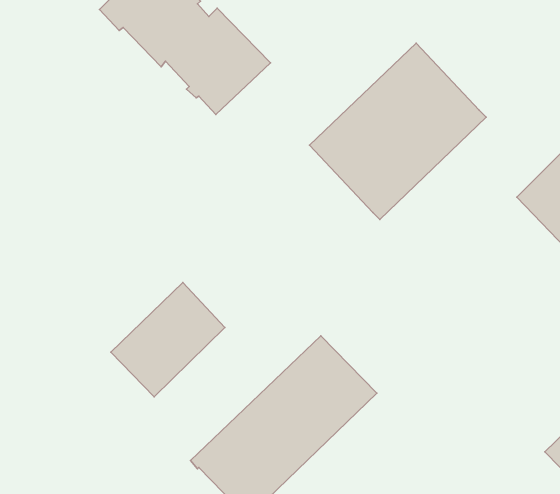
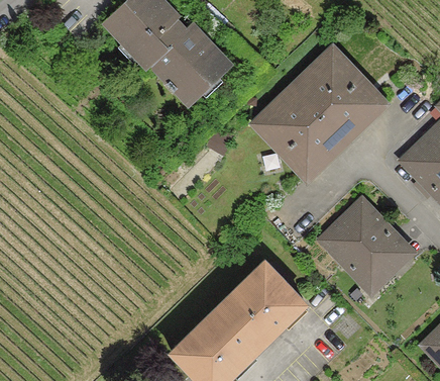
building: none -> [325,203,405,292]
building: [111,282,225,397] -> none

